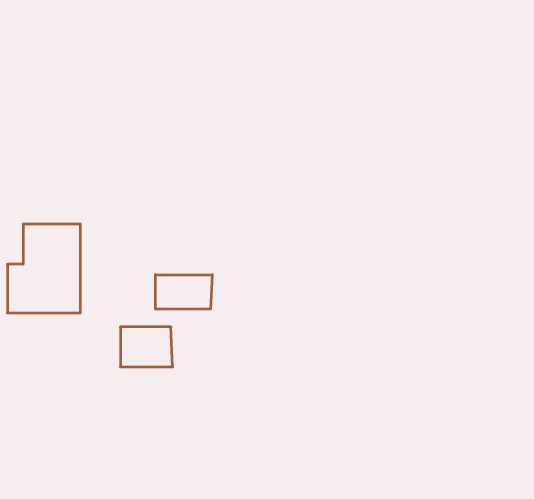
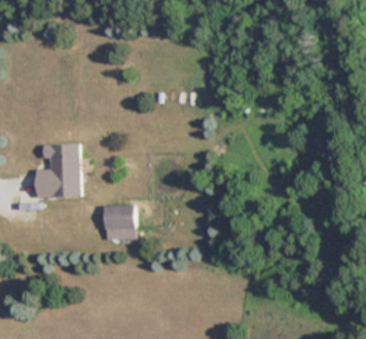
building: [155,275,212,309] -> none

